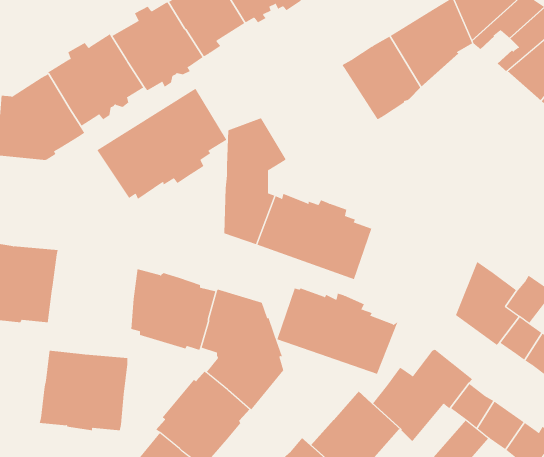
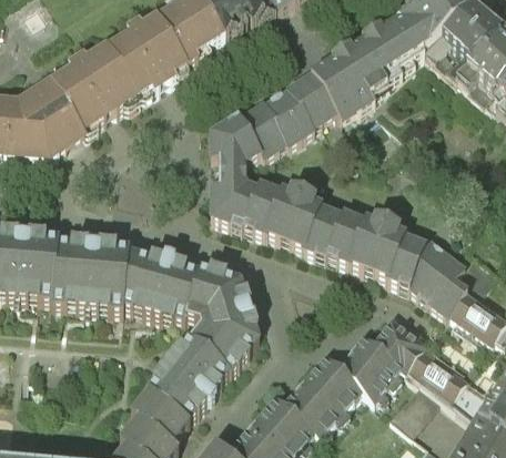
building: none -> [240,69,337,154]
building: [97,88,227,200] -> none
building: [277,288,399,375] -> [322,211,429,287]
building: [39,350,128,431] -> [51,234,130,305]

